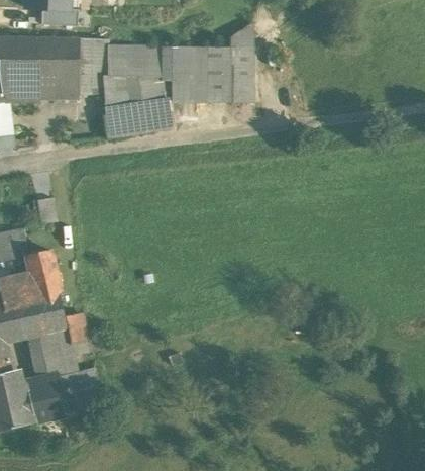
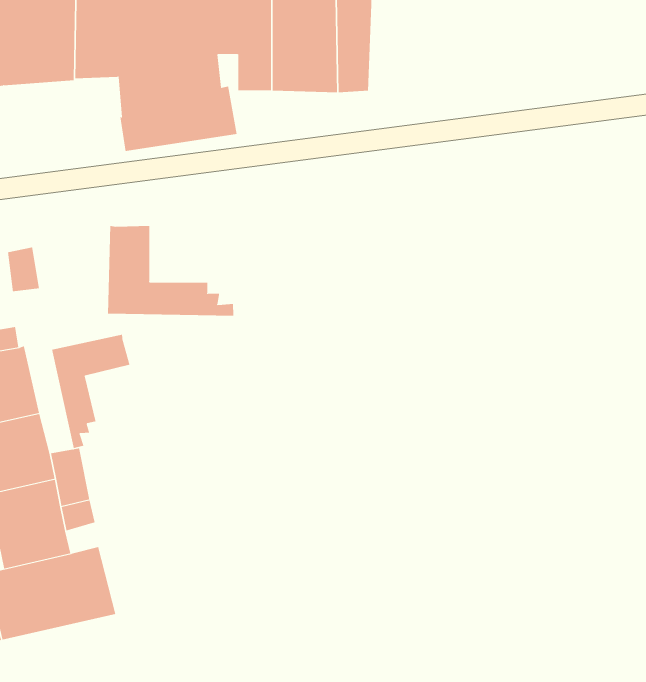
building: none -> [107,225,234,317]
building: none -> [51,334,130,449]

